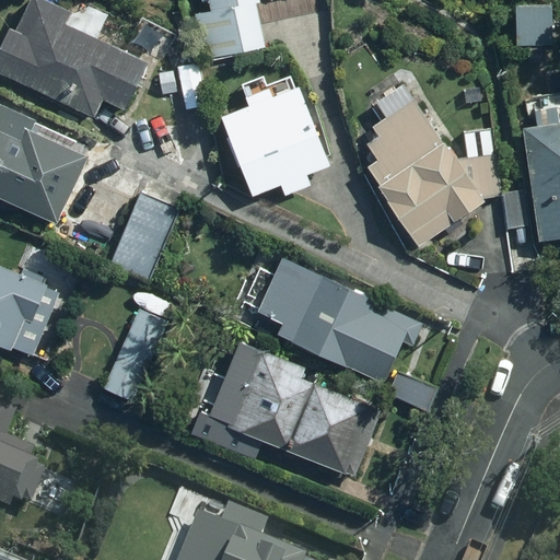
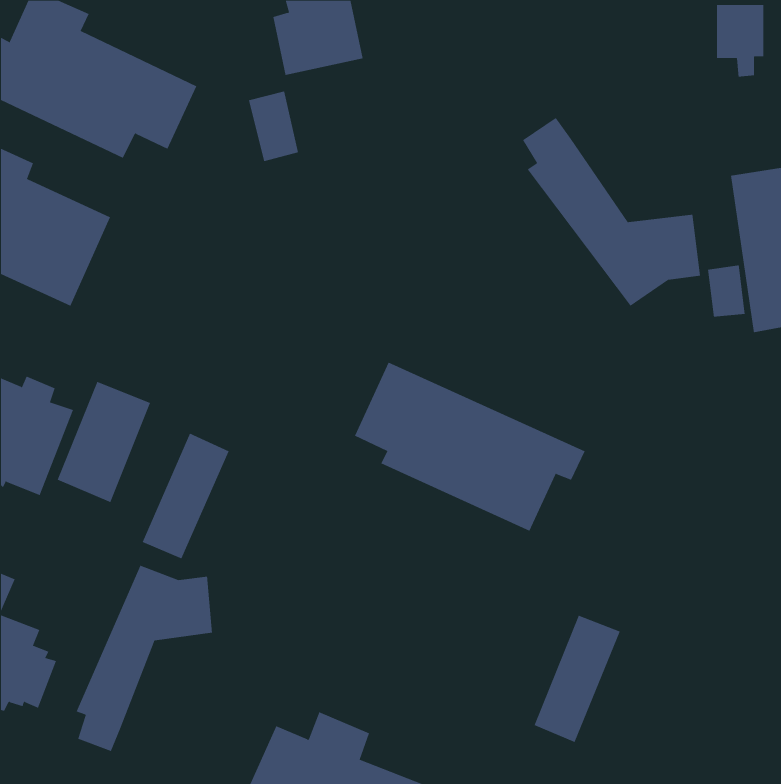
building: [219,86,326,194] -> none
building: [363,122,452,244] -> none
building: [110,194,177,280] -> [57,381,151,503]
building: [224,342,380,476] -> none
building: none -> [76,565,213,752]
building: none -> [534,615,621,743]

